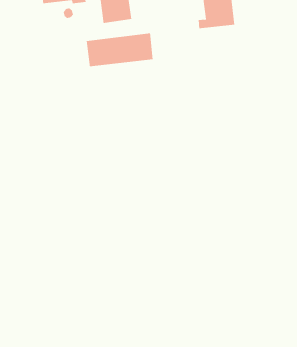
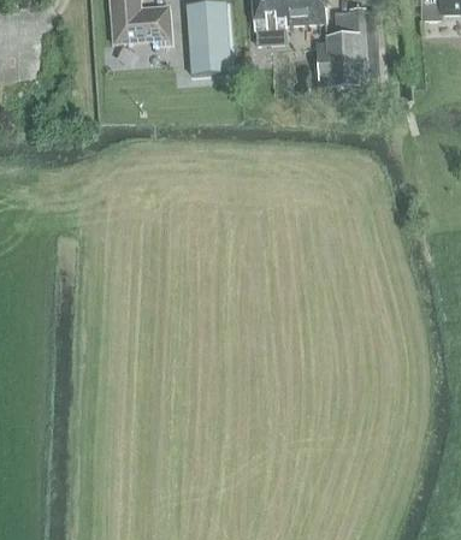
building: [86,32,153,67] -> none

